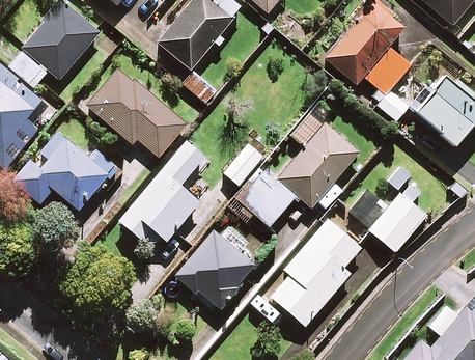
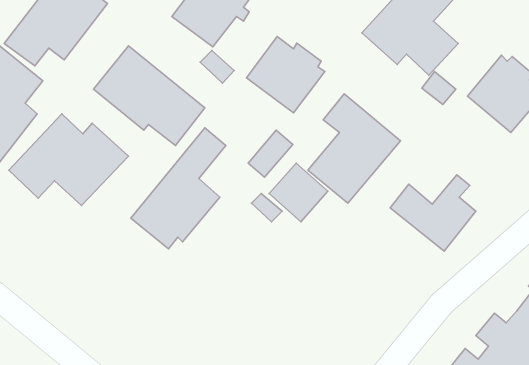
building: none -> [247,36,325,113]
building: [270,207,361,326] -> none
building: [176,225,255,306] -> none

